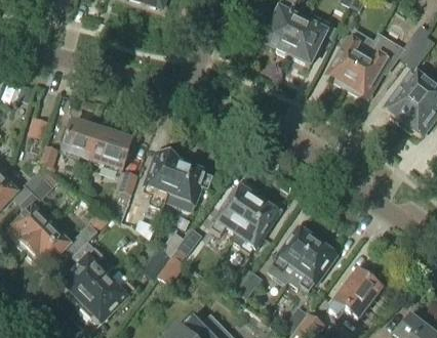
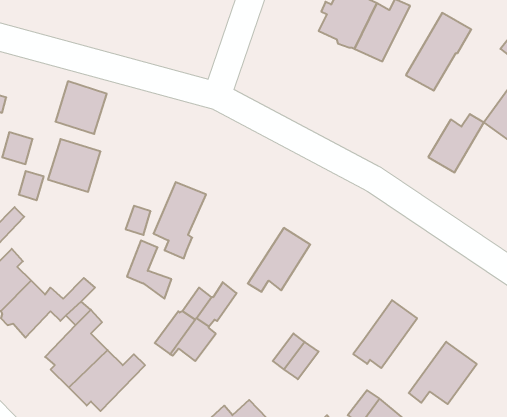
building: [348,52,389,95] -> [428,114,484,172]
building: [92,129,130,168] -> [55,81,107,134]
building: [165,161,211,212] -> none
building: [235,198,277,252] -> none
building: [268,226,317,283] -> none

